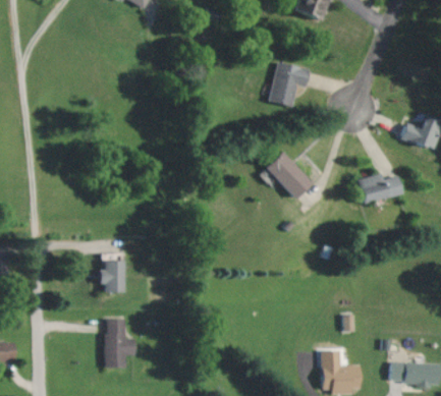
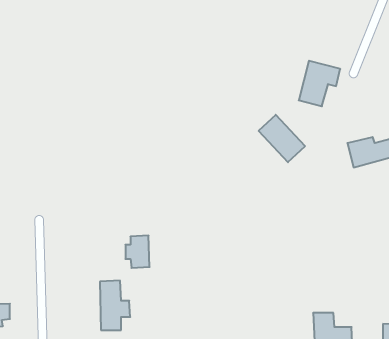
building: [269,61,311,107] -> [299,61,340,106]
building: [97,260,121,292] -> [125,236,150,268]

